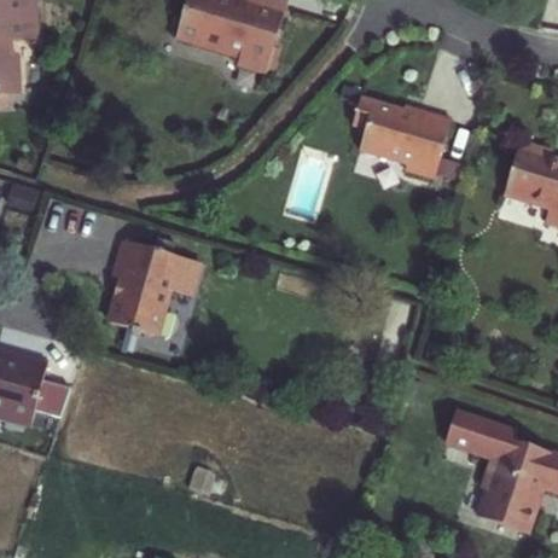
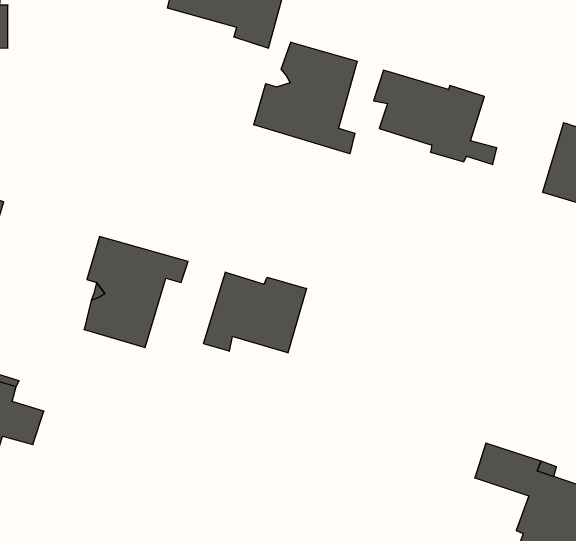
building: none -> [254,42,357,154]
building: none -> [203,272,307,353]

